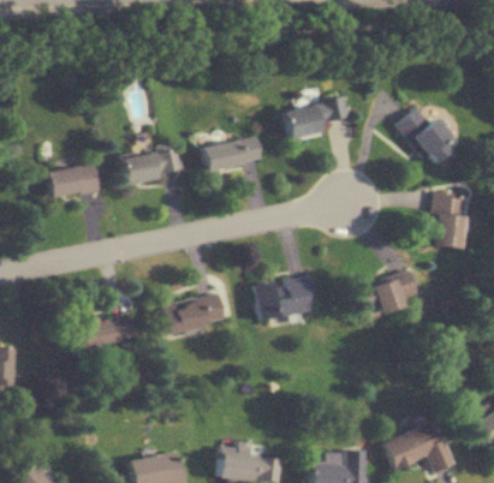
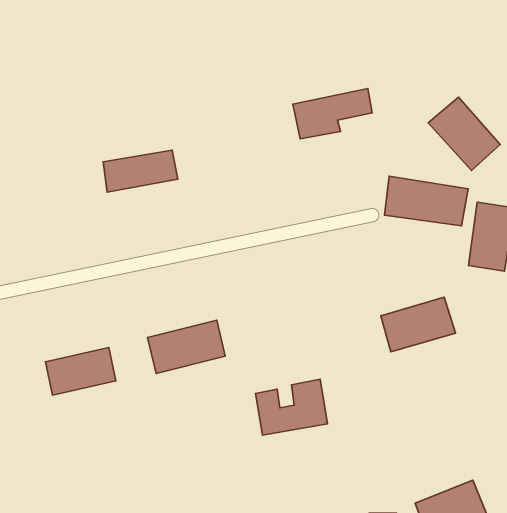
building: [202,136,262,171] -> none
building: [48,162,102,198] -> none
building: none -> [384,176,468,226]
building: [255,273,315,320] -> [255,379,327,435]

